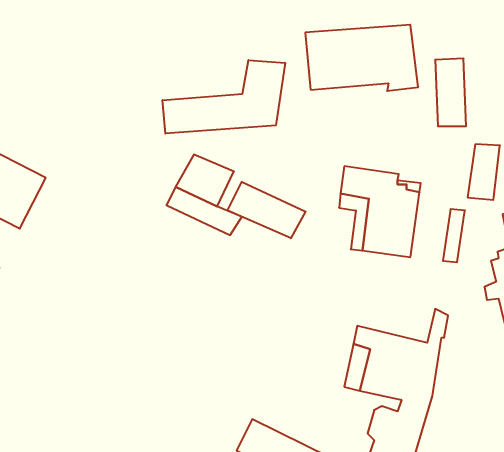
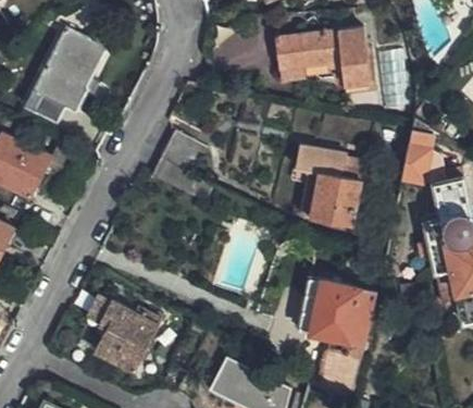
building: none -> [29,27,107,120]
building: [163,60,285,134] -> none
building: [228,182,306,238] -> none
building: none -> [96,305,163,374]

